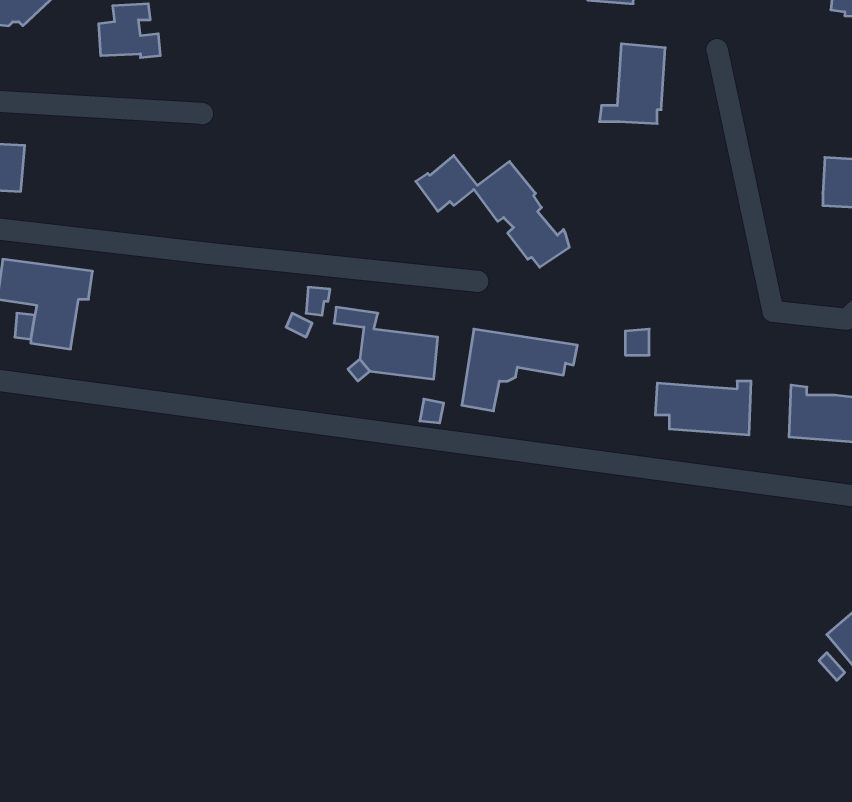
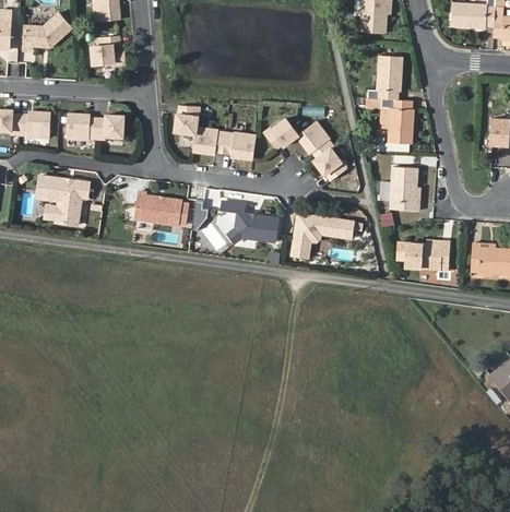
building: none -> [376,99,413,145]
building: none -> [175,104,257,159]
building: none -> [68,114,127,140]
building: none -> [389,168,418,212]
building: none -> [134,191,188,225]

